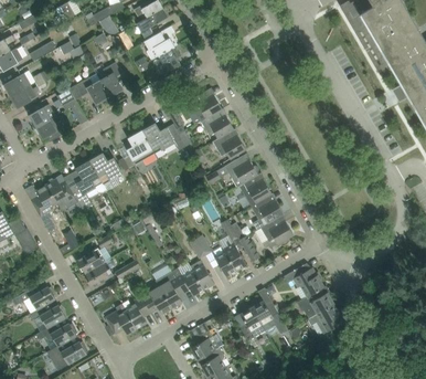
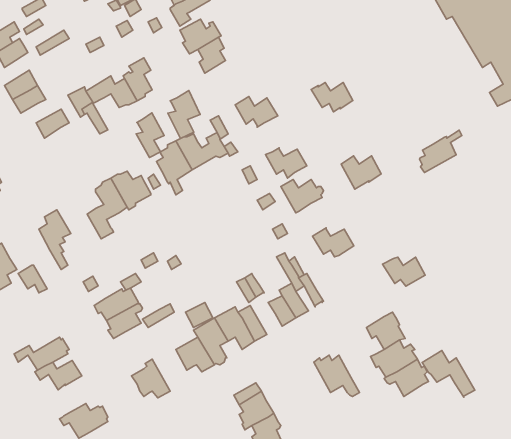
building: none -> [168,91,200,138]
building: none -> [136,113,164,158]
building: [36,115,66,141] -> none
building: [201,115,234,138] -> [311,83,353,112]
building: none -> [419,130,462,173]
building: [46,178,78,209] -> none
building: [239,179,271,206] -> [341,156,381,189]
building: [259,221,294,244] -> [382,257,425,286]
building: [123,296,151,329] -> none
building: none -> [422,351,475,397]
building: [239,306,265,340] -> none
building: [36,323,77,346] -> none

